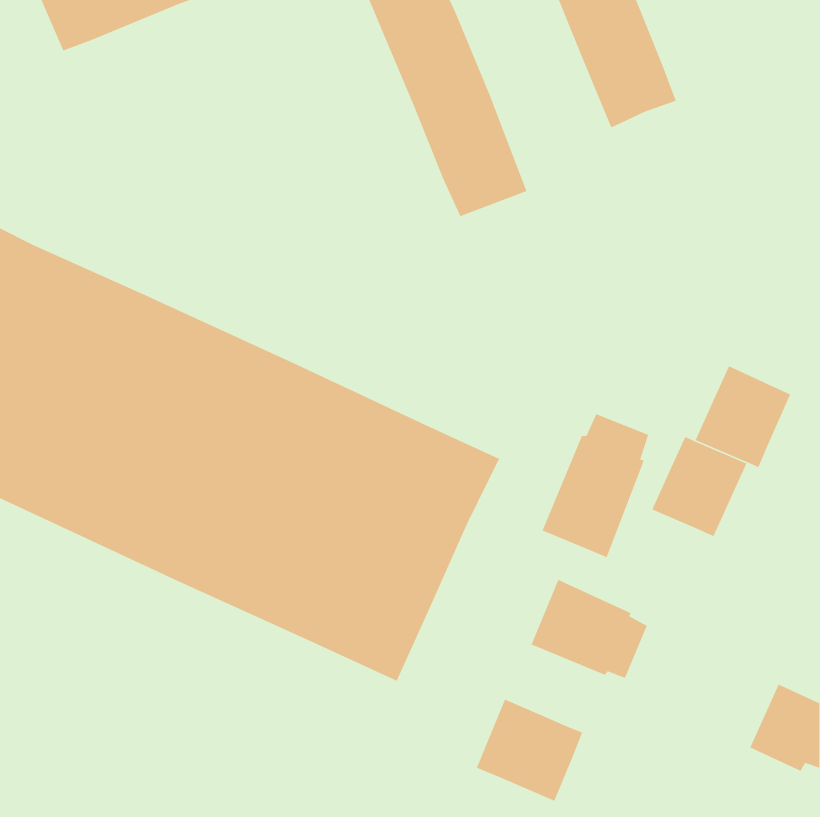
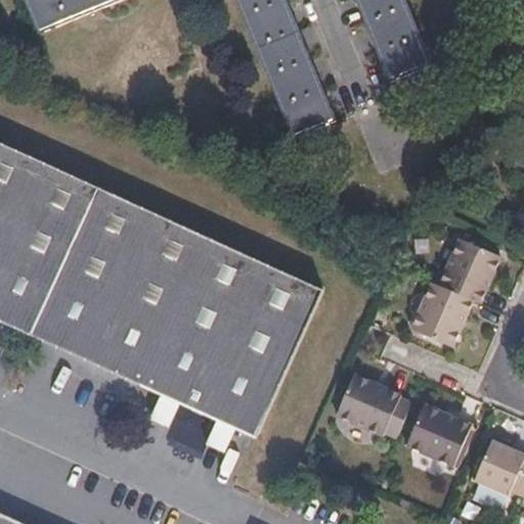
building: [542,413,649,558] -> none
building: none -> [407,400,473,461]
building: [476,698,583,802] -> none

